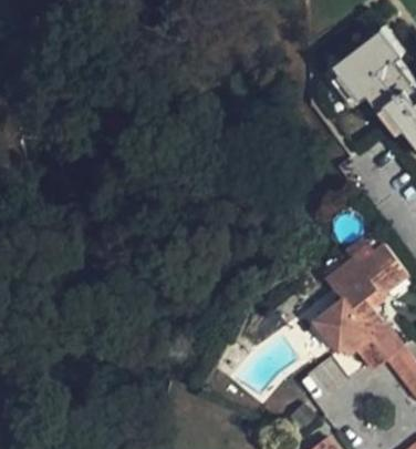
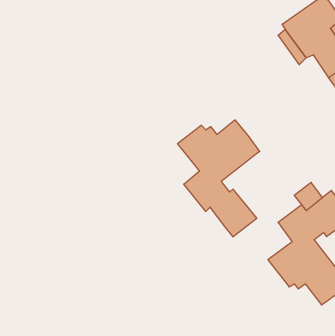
building: none -> [178,120,260,237]

